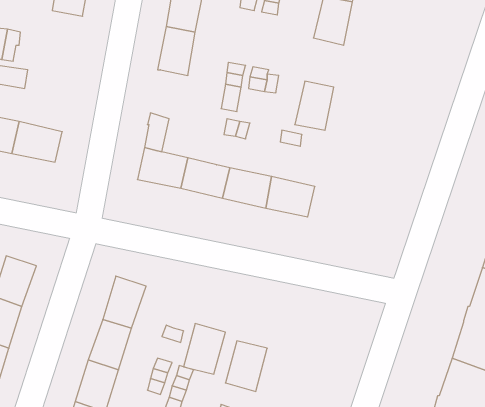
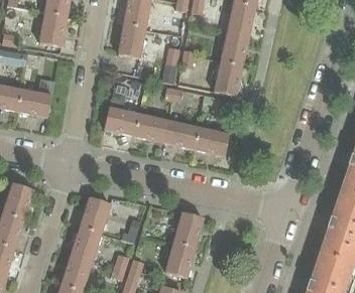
building: none -> [29,11,65,45]
building: none -> [220,30,247,64]
building: [184,324,225,374] -> [172,211,202,247]

